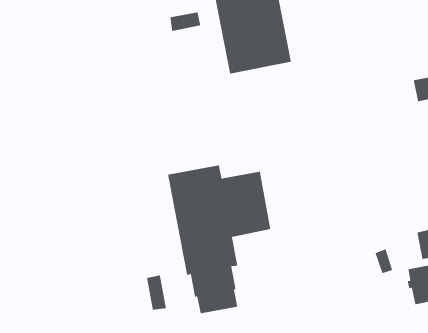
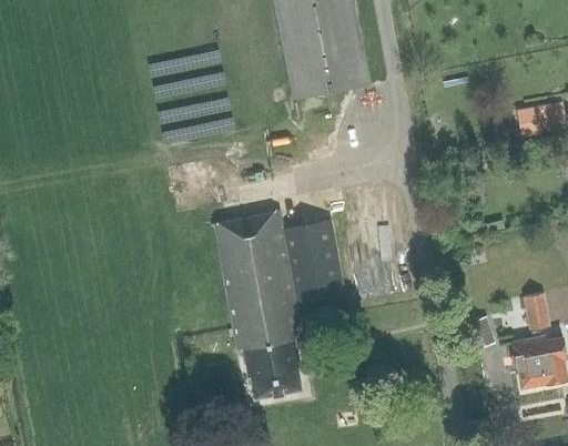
building: [169,12,201,32] -> none
building: [146,275,167,311] -> none

